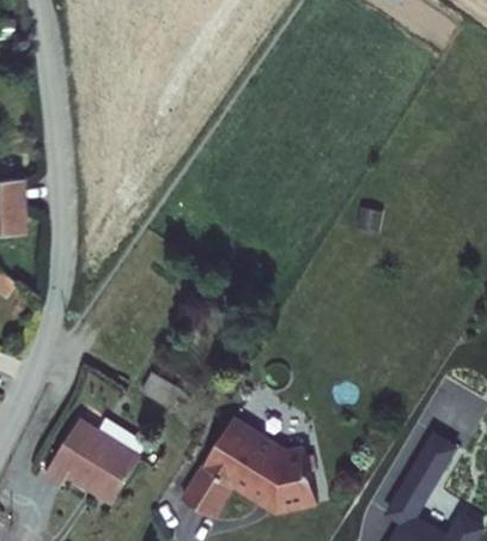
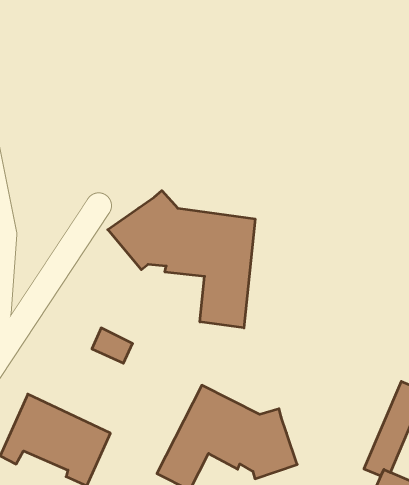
building: none -> [108,191,255,328]

